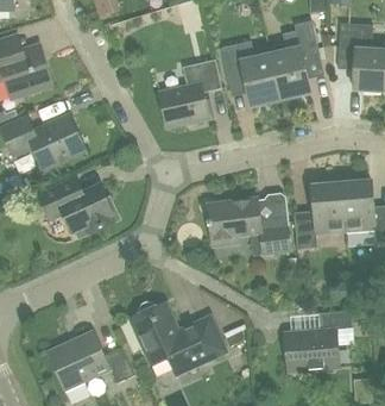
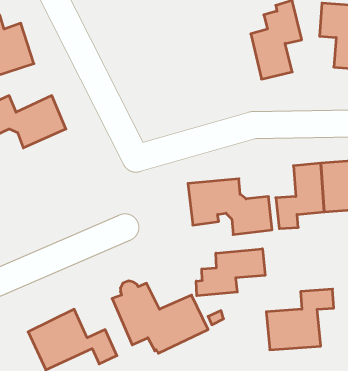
building: [220,39,279,105] -> none
building: [158,58,222,124] -> none
building: [37,180,119,236] -> none
building: none -> [196,249,265,296]

